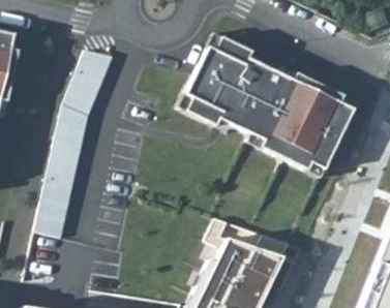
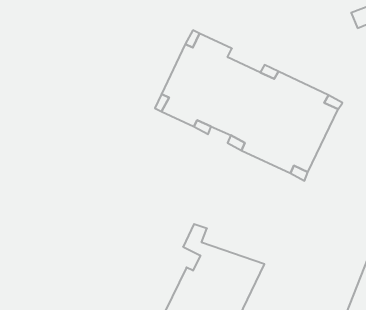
building: [34,48,112,236] -> none

